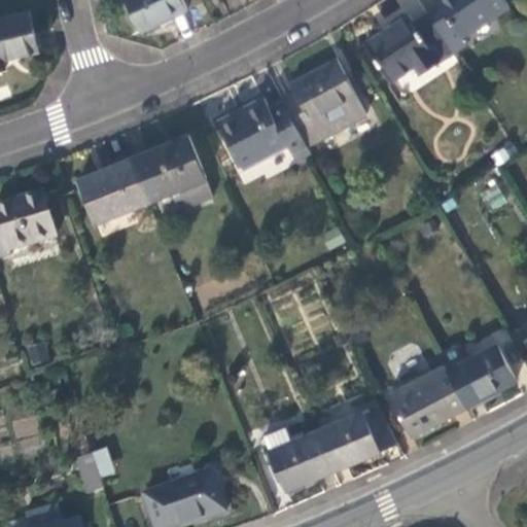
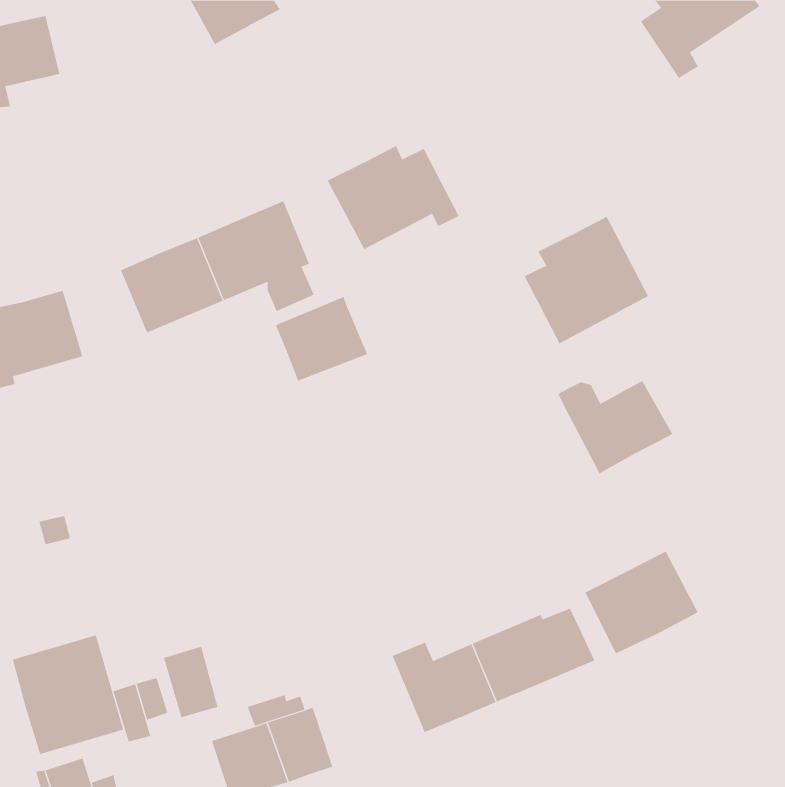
building: [365,15,453,82] -> none
building: [283,60,366,145] -> [524,216,649,344]
building: none -> [275,296,368,381]
building: [438,347,516,410] -> [558,380,673,474]
building: none -> [12,634,124,755]
building: none -> [163,646,218,718]

